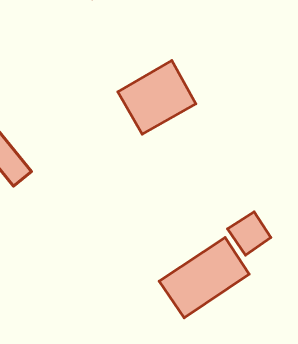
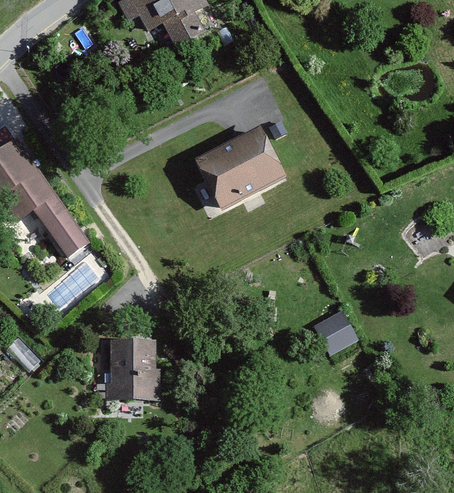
building: [159,237,249,318] -> none
building: none -> [108,336,159,396]

